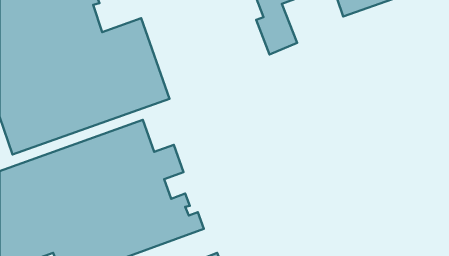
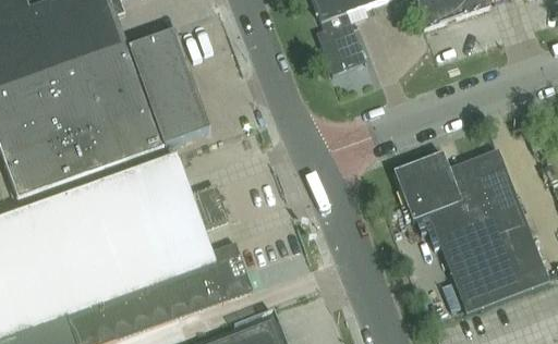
building: none -> [395,151,548,314]

